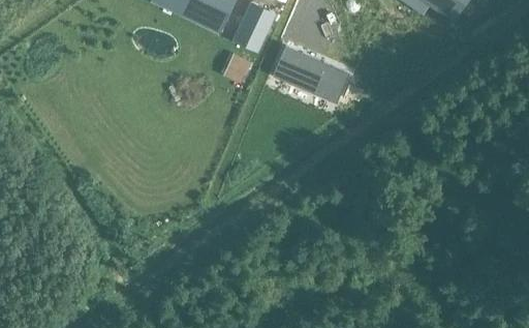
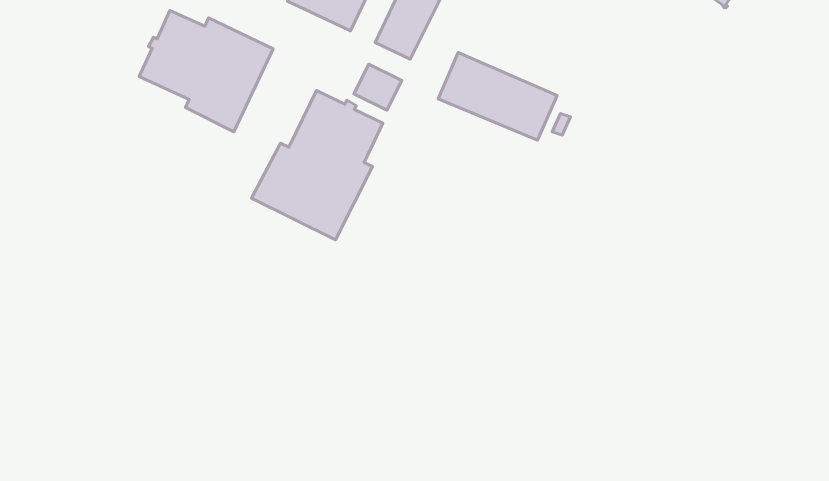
building: none -> [139,11,273,132]
building: none -> [252,91,383,240]

